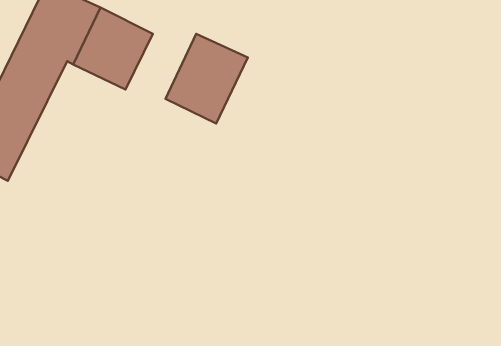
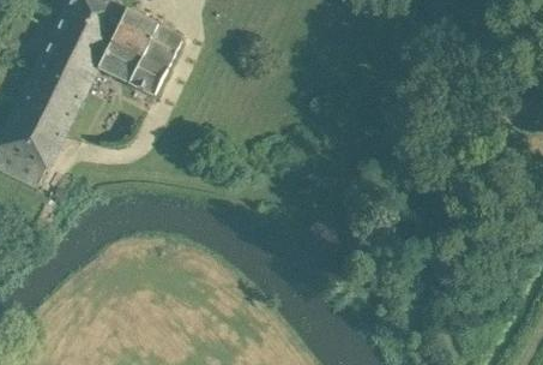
building: [165,34,248,123] -> none

